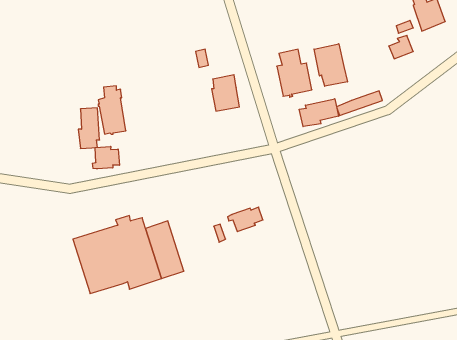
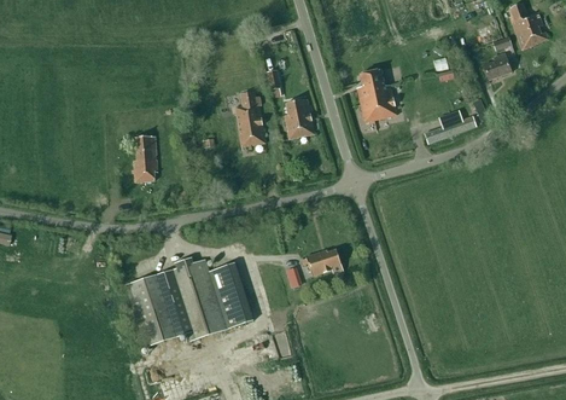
building: [314,44,347,86] -> none
building: [98,86,126,134] -> [234,92,266,146]
building: [299,99,339,127] -> none
building: [92,146,119,169] -> none

